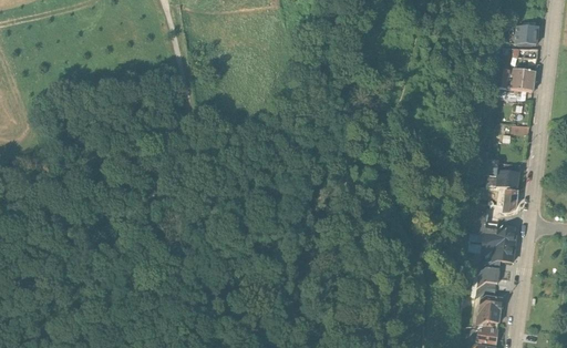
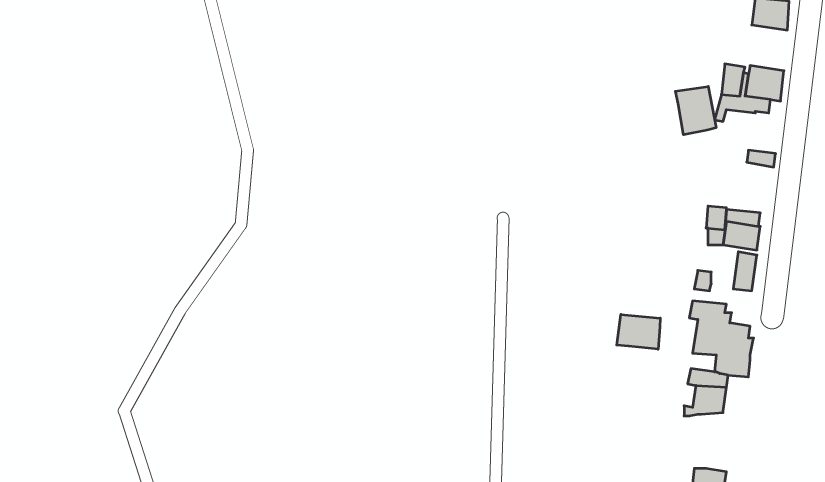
building: none -> [675,86,716,135]
building: none -> [617,314,660,349]
building: [473,294,504,332] -> none

